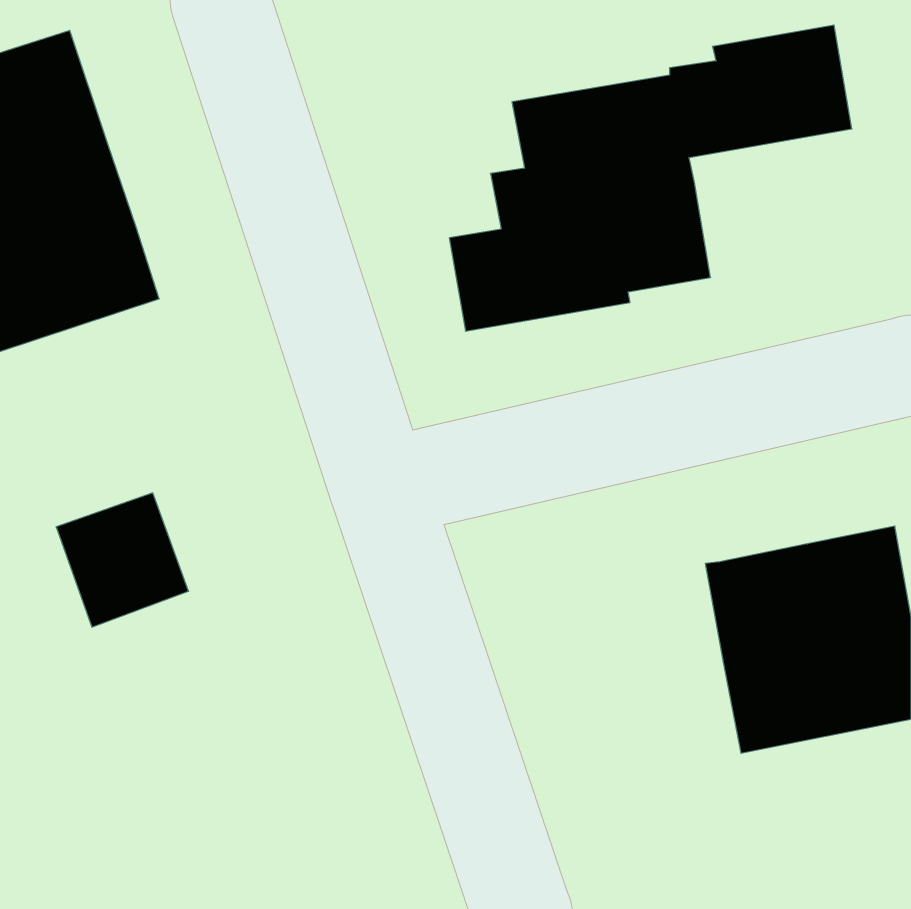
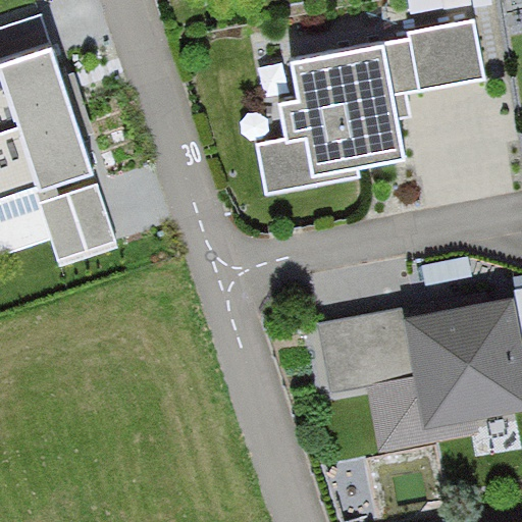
building: [56,493,189,627] -> [40,189,115,265]
building: none -> [320,312,412,395]

